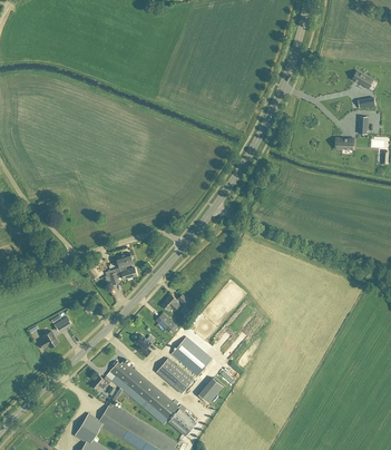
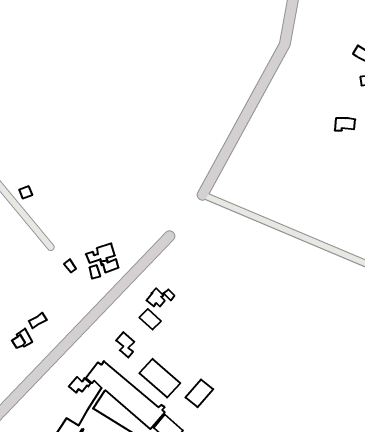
building: [170,336,212,375] -> none

